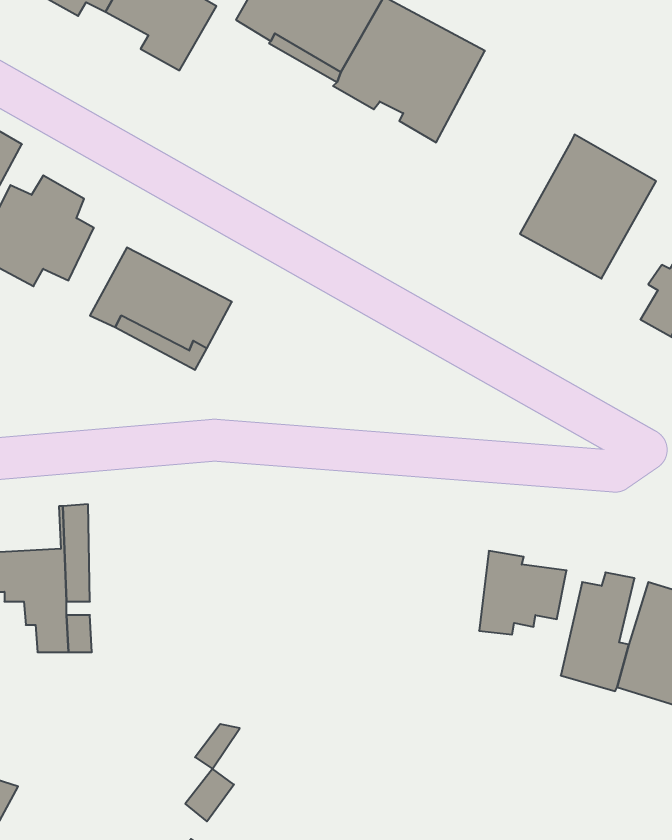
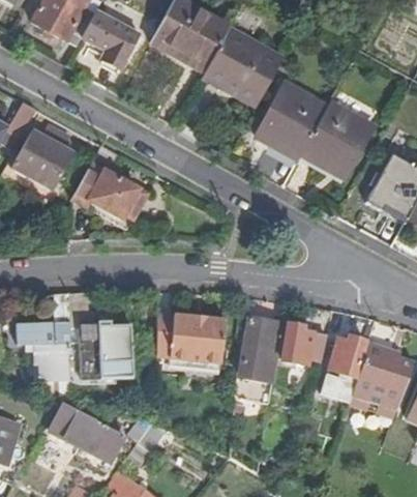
building: none -> [255,83,328,160]
building: none -> [152,313,220,356]
building: none -> [238,319,282,384]
building: none -> [83,325,133,378]
building: none -> [50,405,121,460]

